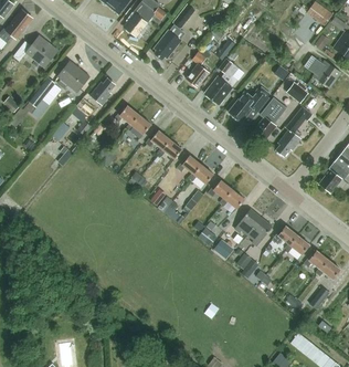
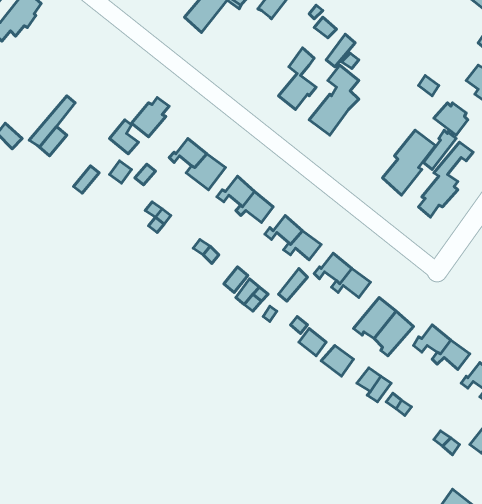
building: [154,29,181,59] -> none
building: [13,35,59,66] -> none
building: [57,60,91,92] -> none
building: [229,86,271,122] -> none

